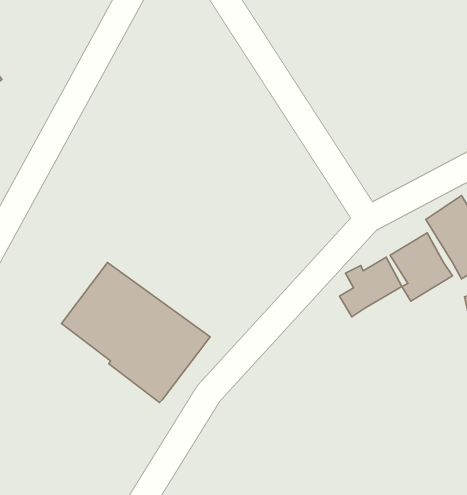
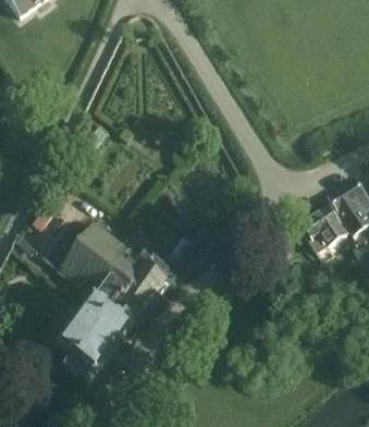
building: [339,257,402,317] -> none
building: none -> [46,295,131,383]

